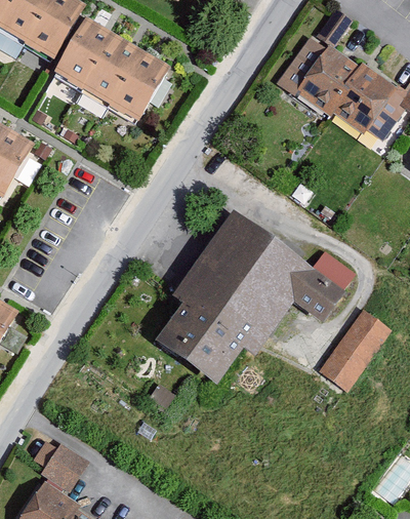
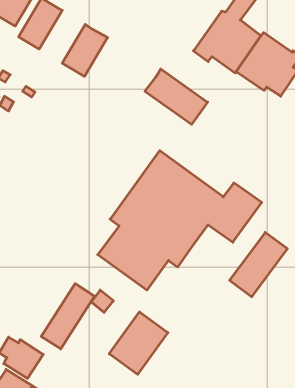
building: [83,35,140,101] -> none
building: none -> [145,69,208,124]
building: none -> [41,284,95,349]
building: none -> [109,312,168,374]

